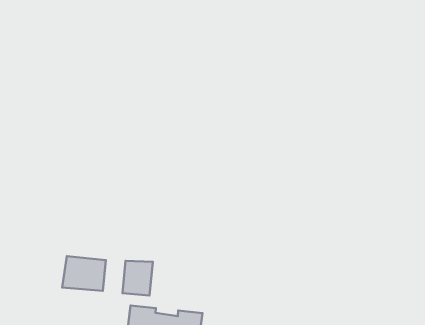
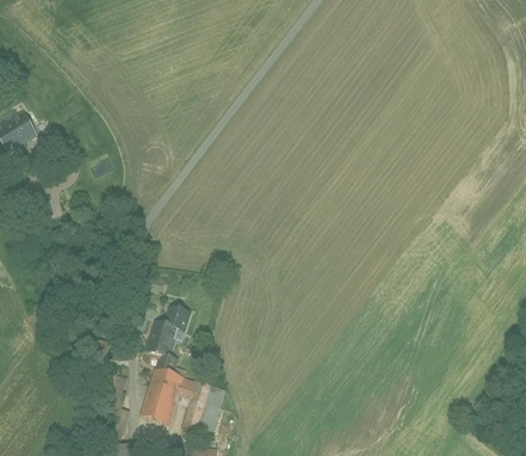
building: [62,256,106,291] -> none

